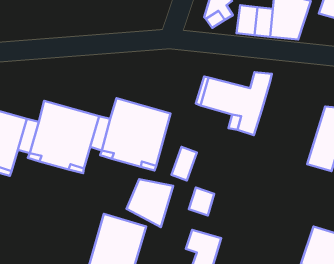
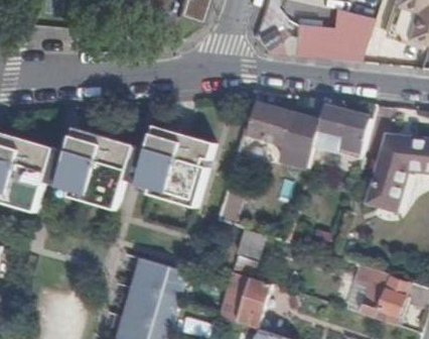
building: none -> [317,108,371,153]
building: [127,179,173,227] -> none

